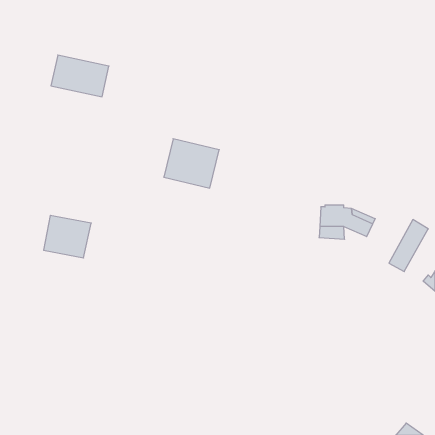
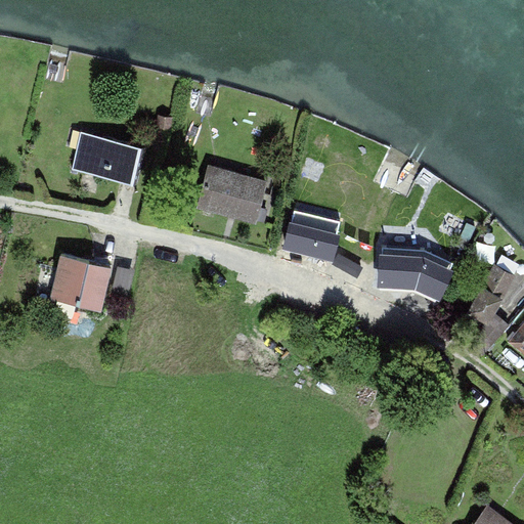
building: [51,55,109,97] -> [72,134,141,184]
building: none -> [286,209,343,256]

